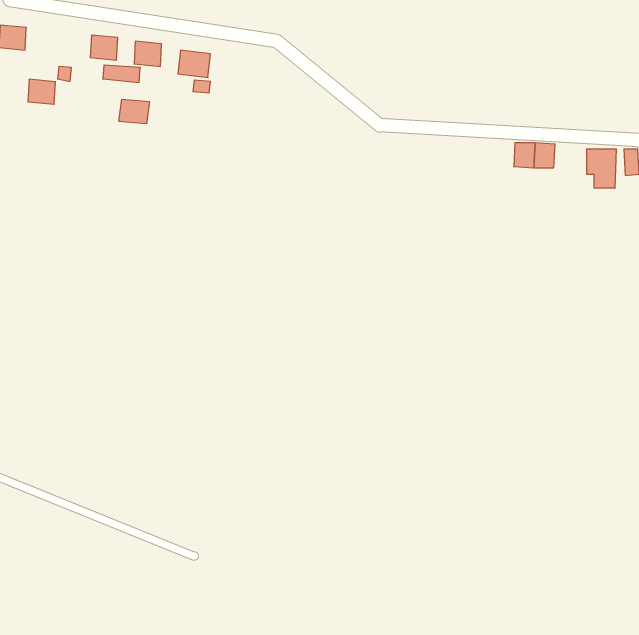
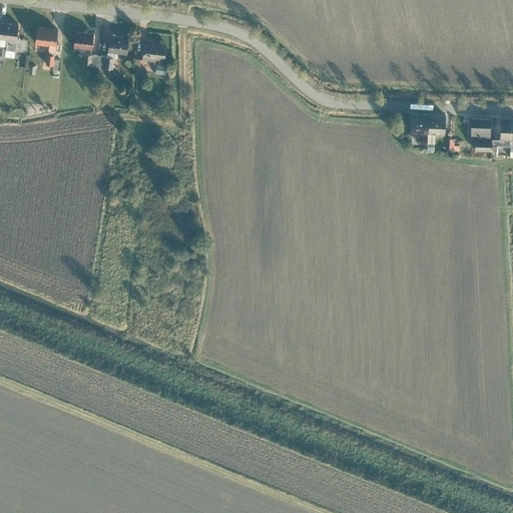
building: [28,79,55,104] -> [36,29,58,49]
building: [119,99,149,124] -> none

